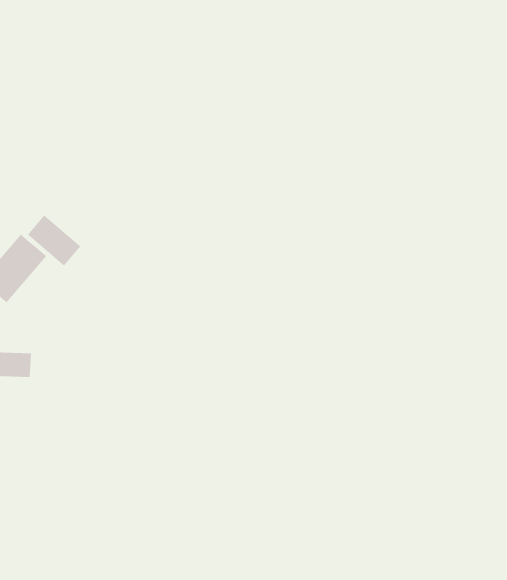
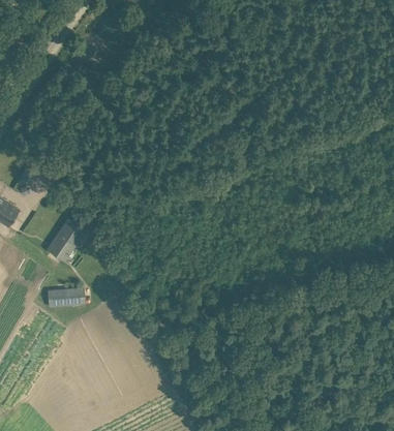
building: [27,214,81,267] -> none

